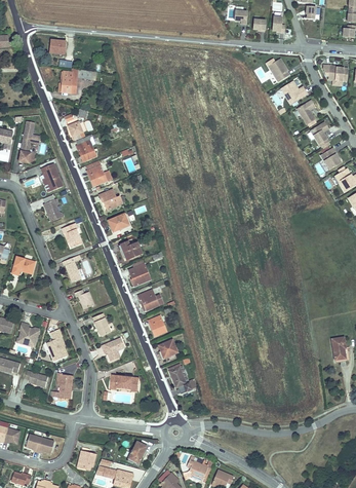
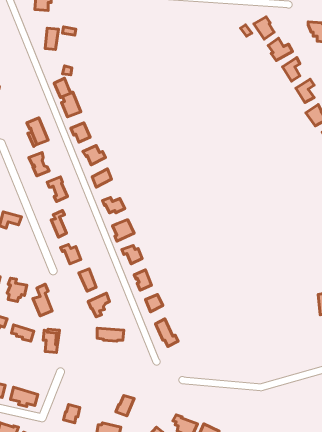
building: [18,119,41,161] -> none

